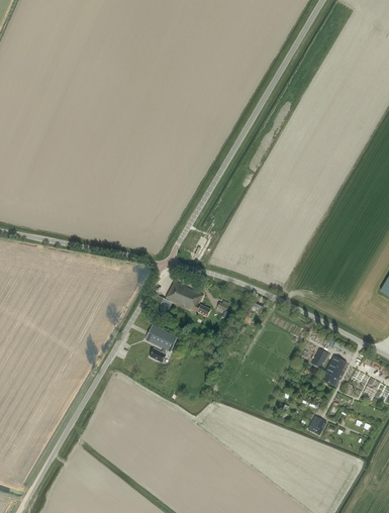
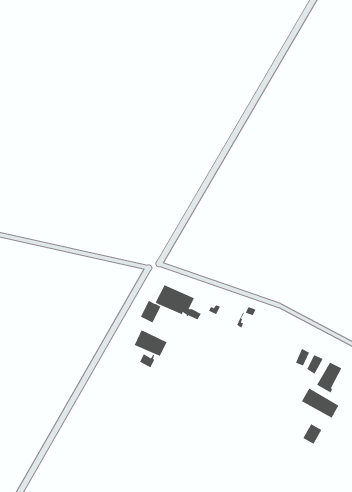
building: none -> [301,387,339,419]

